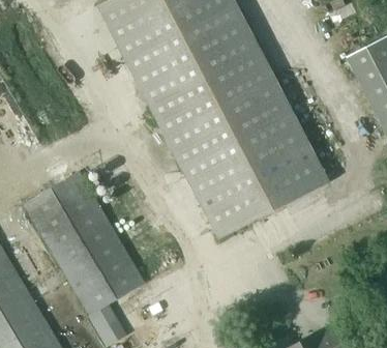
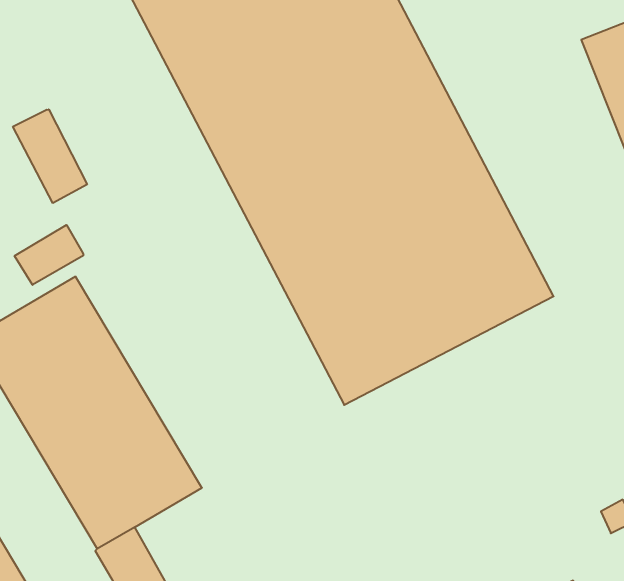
building: none -> [13,109,87,203]
building: none -> [15,225,83,285]

